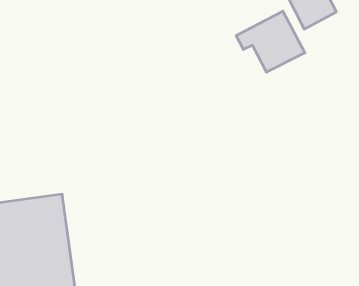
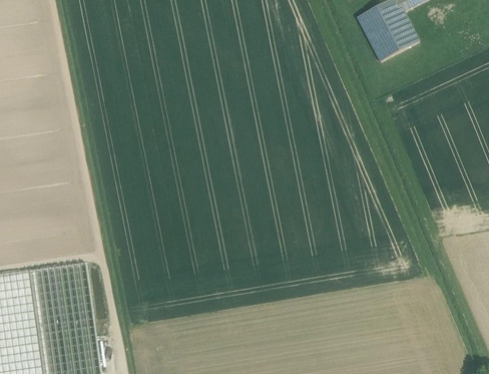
building: [236,11,305,72] -> none

